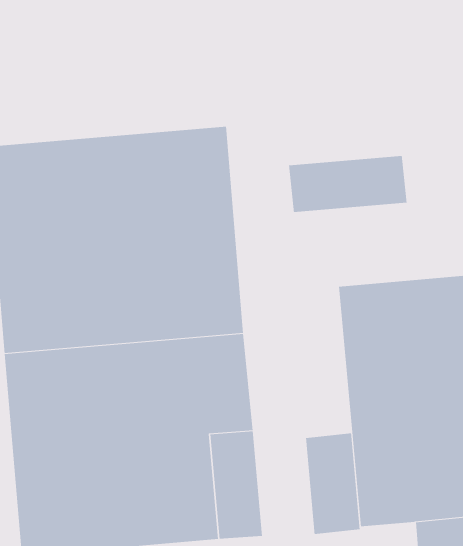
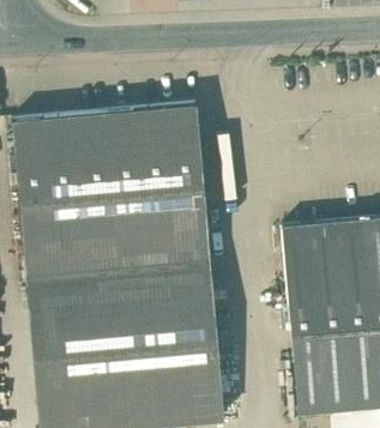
building: [289,155,407,213] -> none
building: [305,432,360,535] -> none

